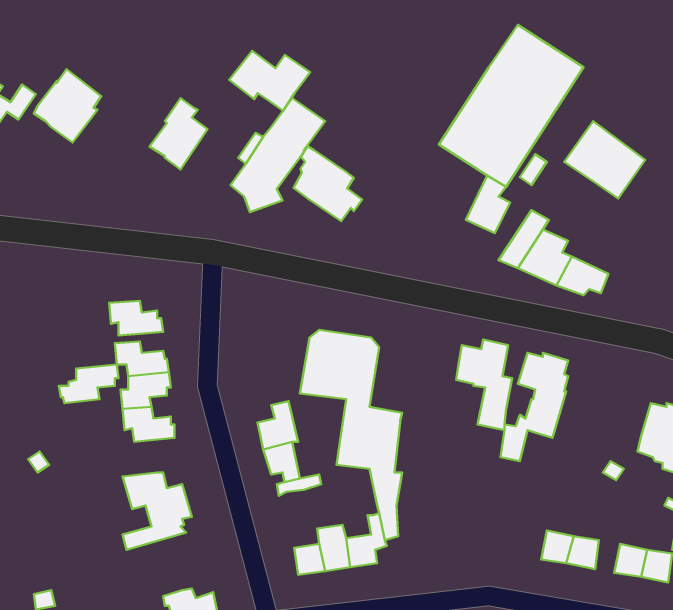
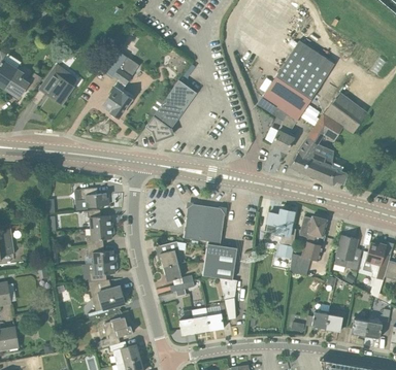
building: [229,51,310,111] -> [97,54,140,86]
building: [293,146,362,221] -> none
building: none -> [306,114,342,145]
building: [59,365,119,403] -> [85,262,117,282]
building: none -> [334,235,359,271]
building: none -> [100,317,132,348]

